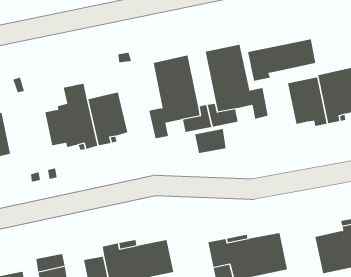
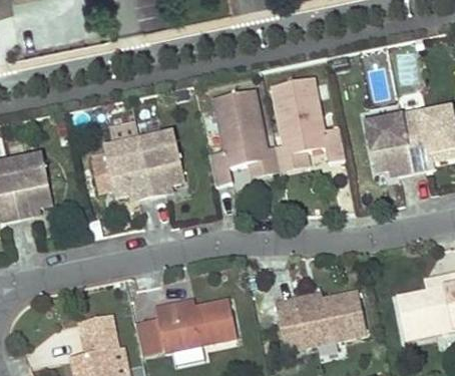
building: [248,38,316,81] -> none
building: [194,128,226,154] -> none

